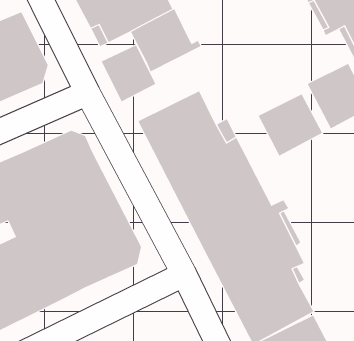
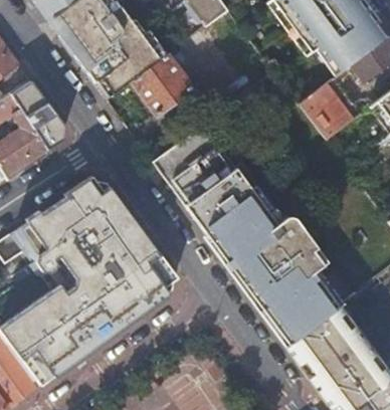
building: [101,44,156,102] -> none
building: [258,94,323,157] -> none

